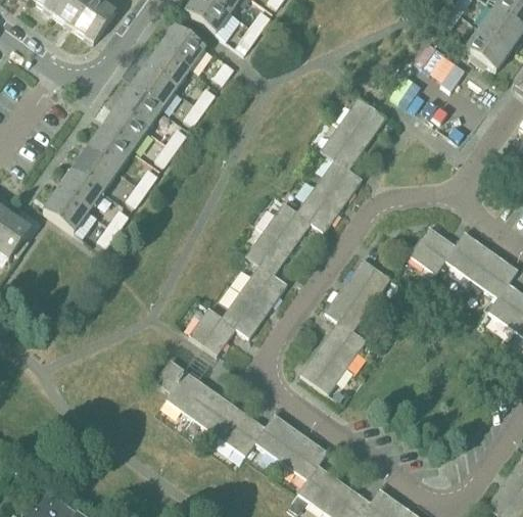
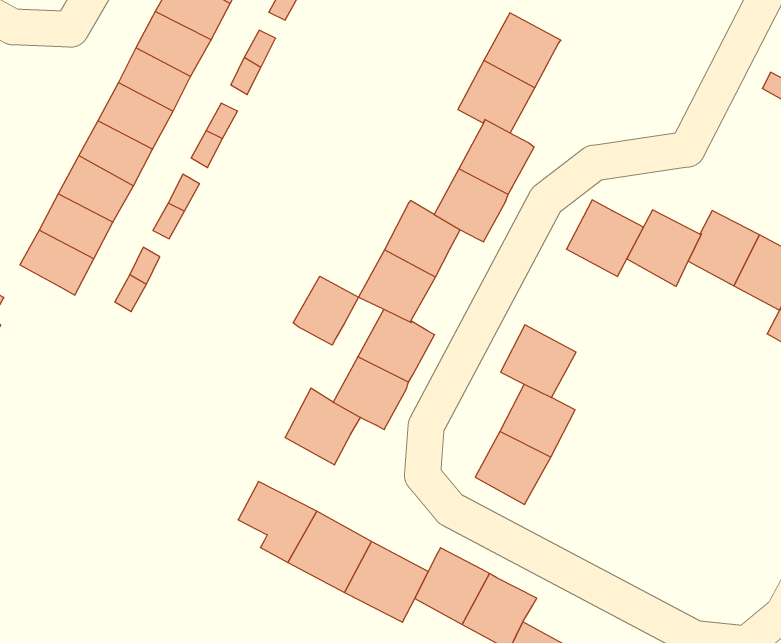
building: none -> [293,276,358,345]
building: [342,257,390,306] -> [566,200,643,276]

